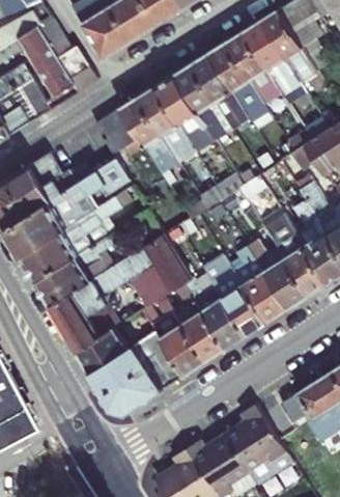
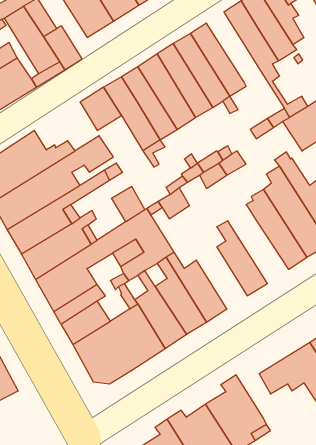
building: [225,32,281,104] -> none
building: [247,240,309,310] -> none
building: [201,254,266,336] -> none

